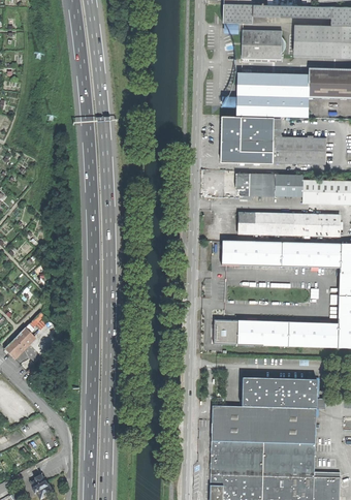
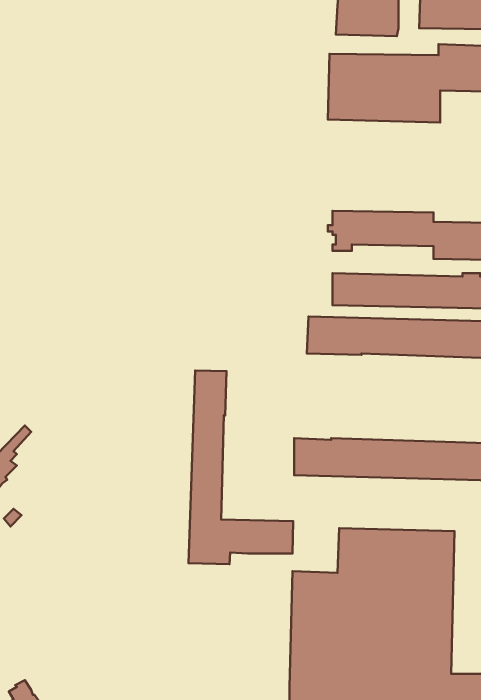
building: [220,114,326,162] -> none
building: none -> [189,371,293,564]

